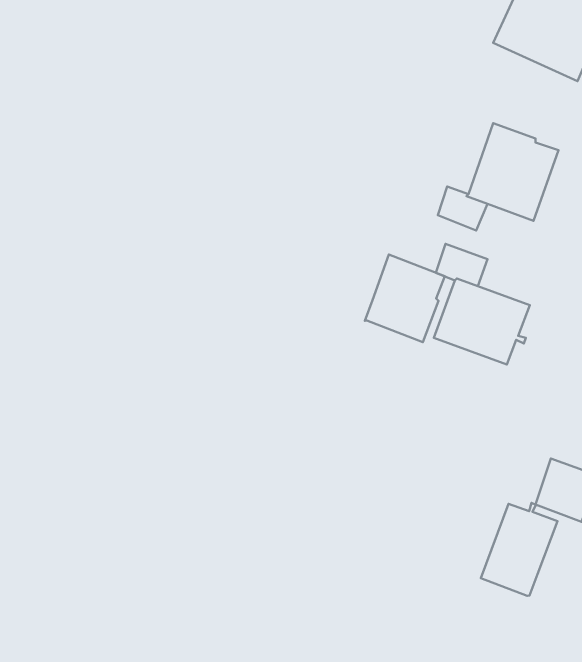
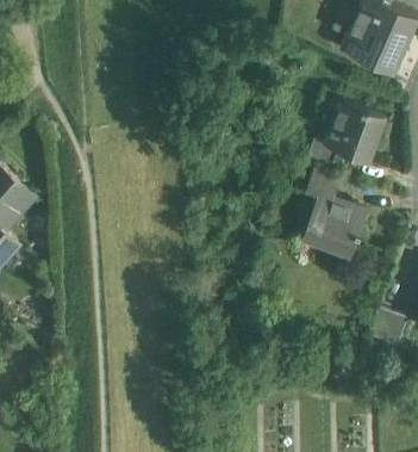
building: [365,255,445,342] -> none
building: [481,503,557,596] -> none

